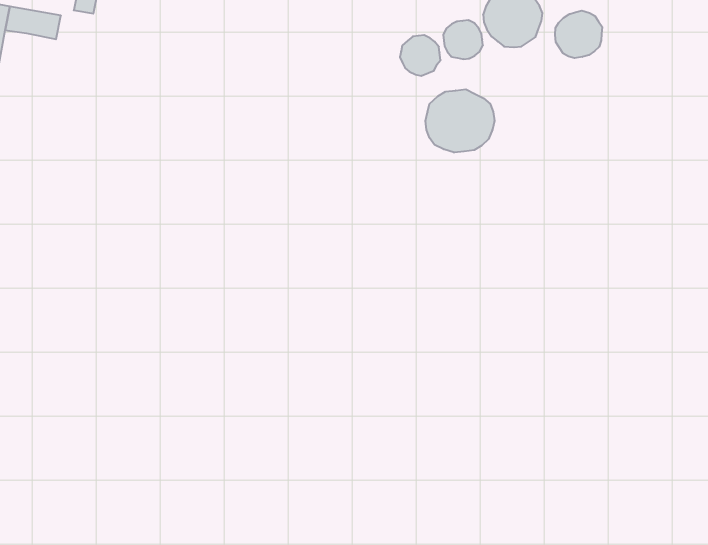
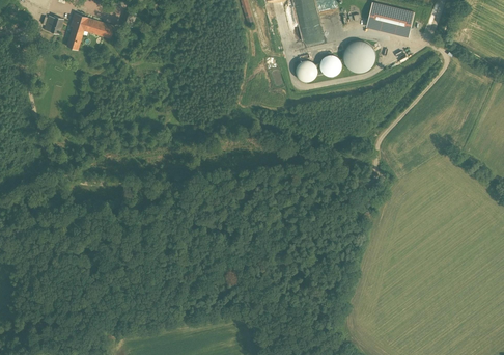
building: [555,11,602,58] -> none
building: [426,89,494,153] -> none

